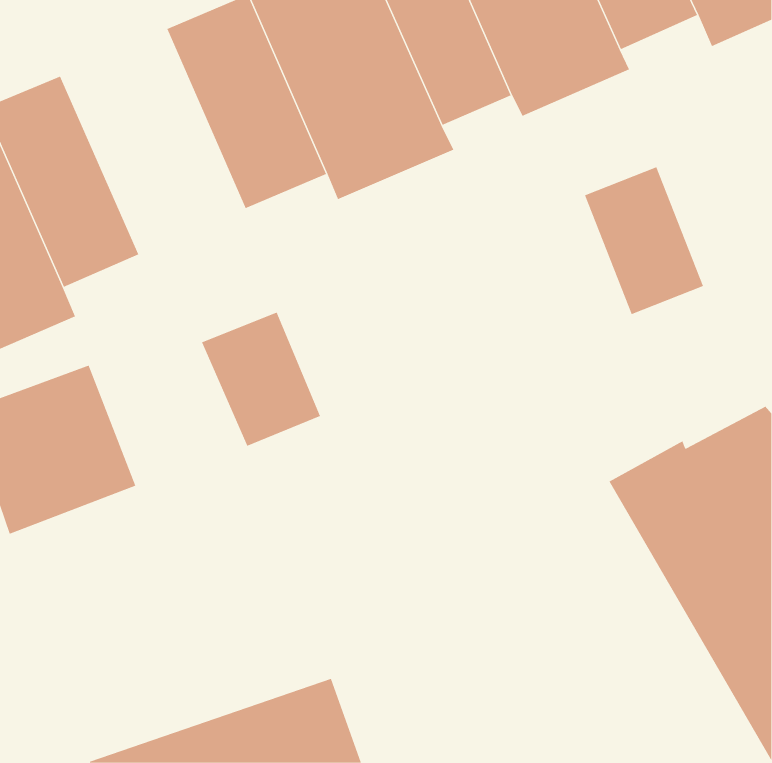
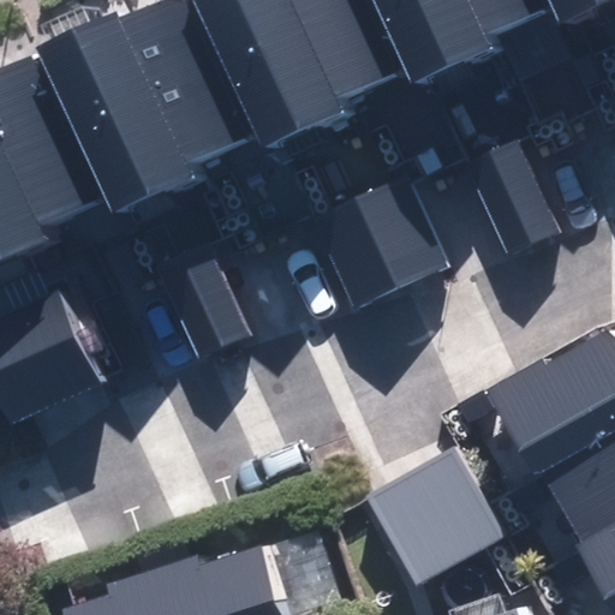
building: none -> [48,23,203,222]
building: none -> [314,174,448,305]
building: none -> [365,444,513,593]

